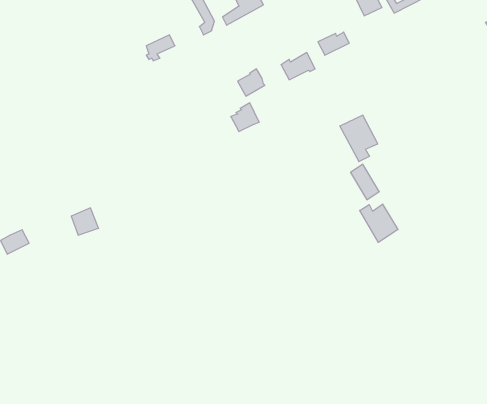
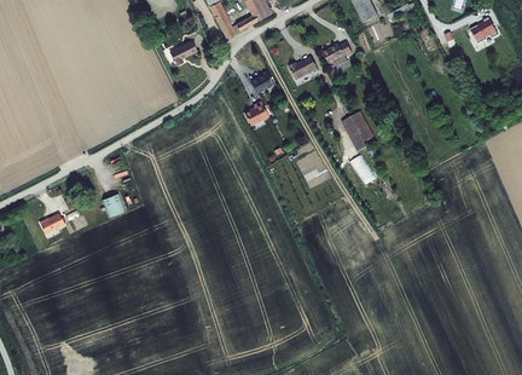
building: [360,204,398,242] -> none

